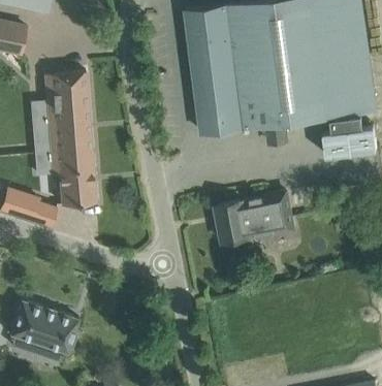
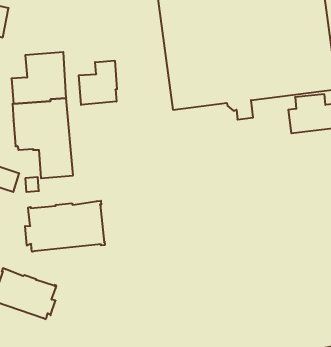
building: none -> [79,61,117,105]
building: [215,194,293,245] -> none
building: none -> [25,201,105,252]

